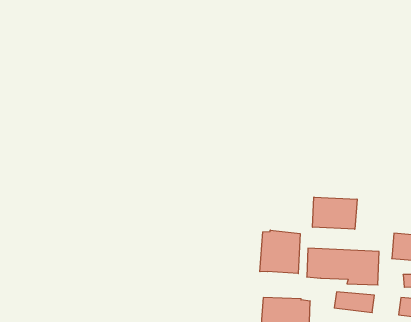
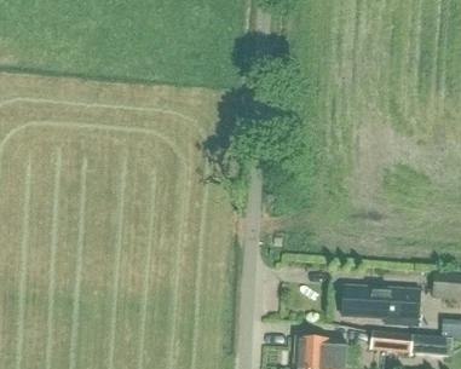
building: [313,197,357,229] -> none
building: [260,230,300,274] -> none

